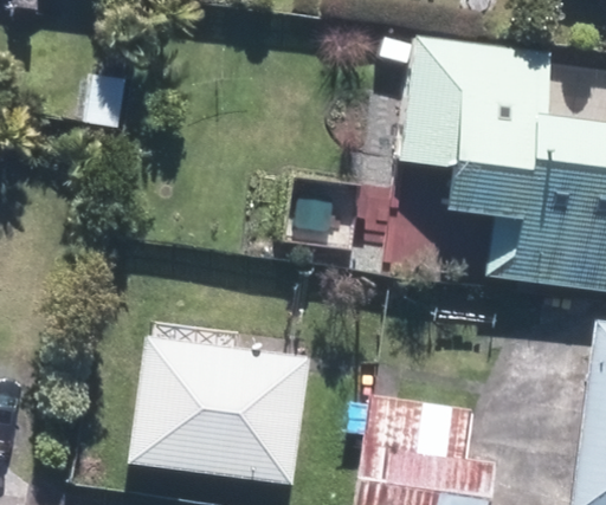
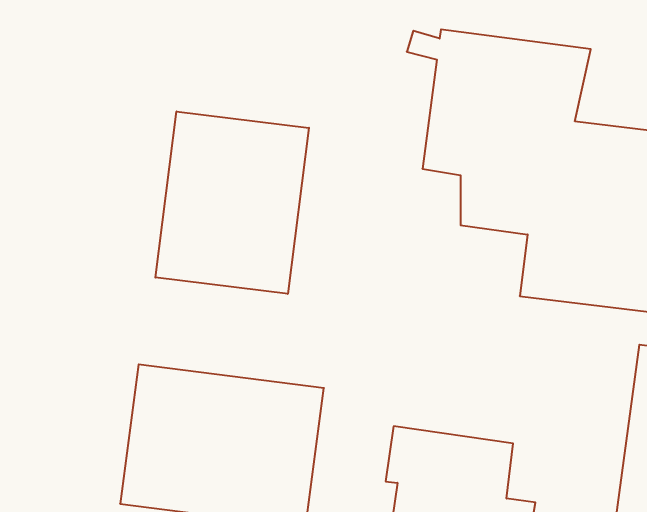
building: none -> [155,111,309,294]

